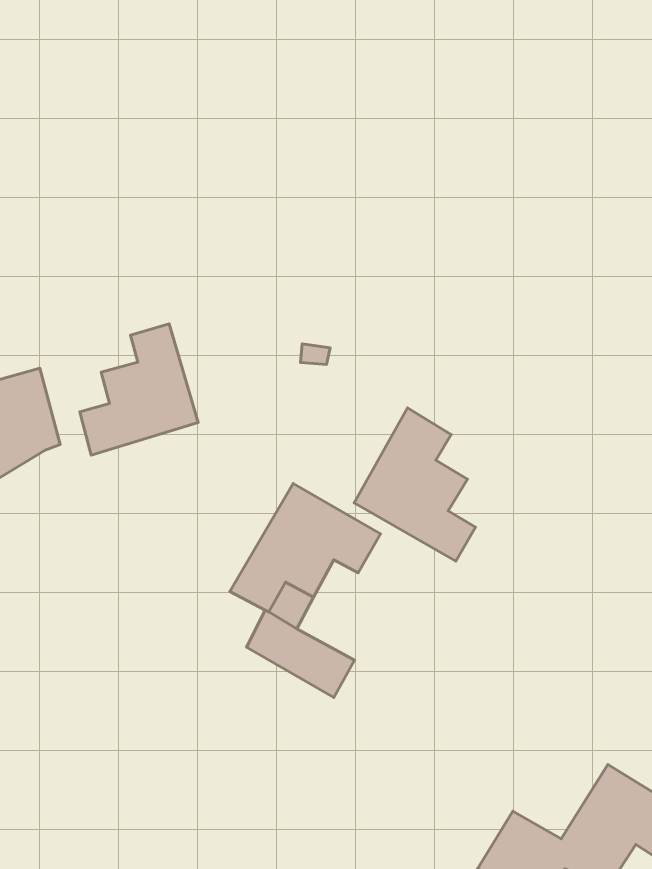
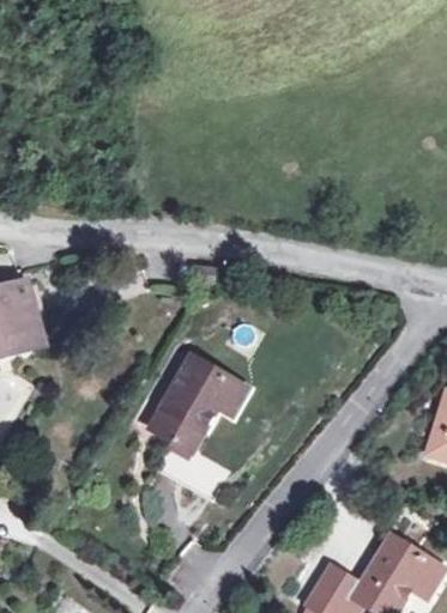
building: [80,324,198,455] -> none
building: [354,408,475,561] -> none

